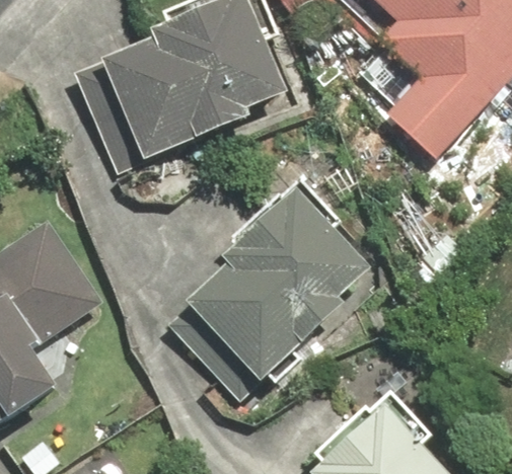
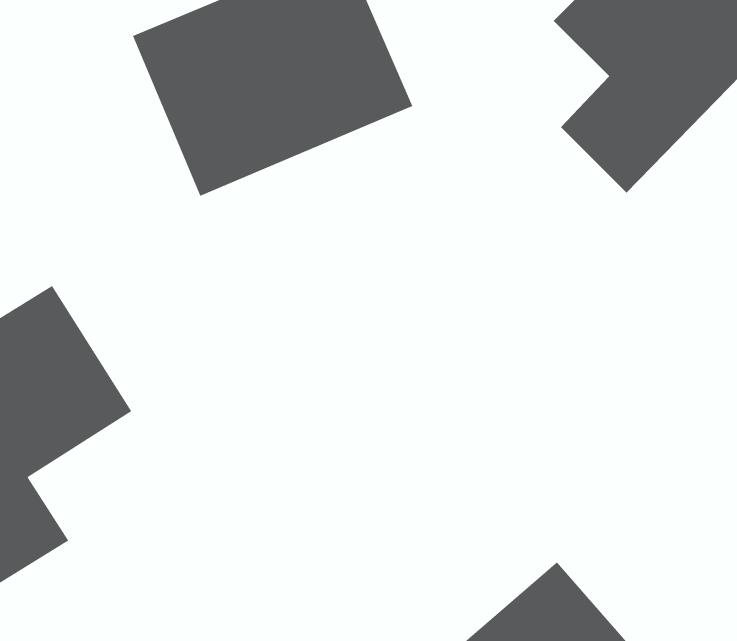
building: [188,194,376,379] -> none

